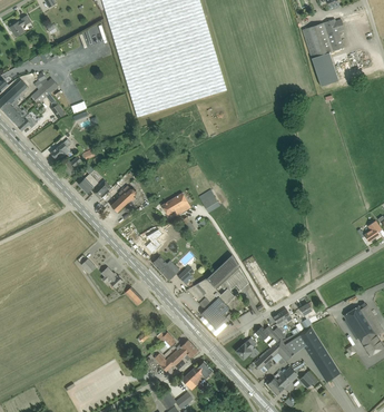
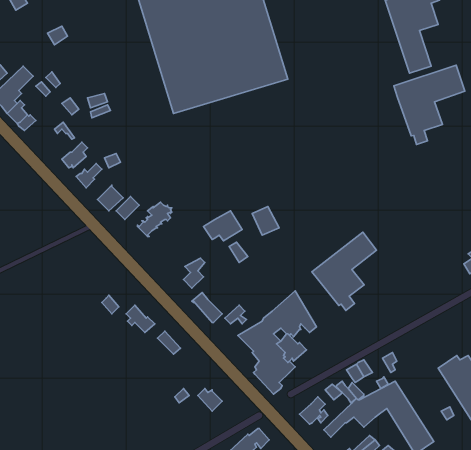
building: none -> [394,65,465,145]
building: none -> [312,232,377,310]
building: [151,340,198,372] -> none

